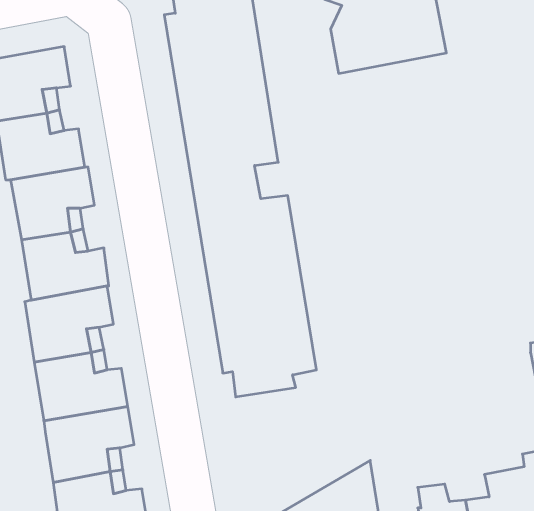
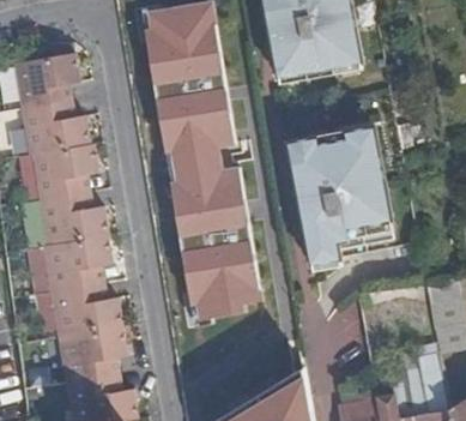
building: none -> [291,126,391,261]

